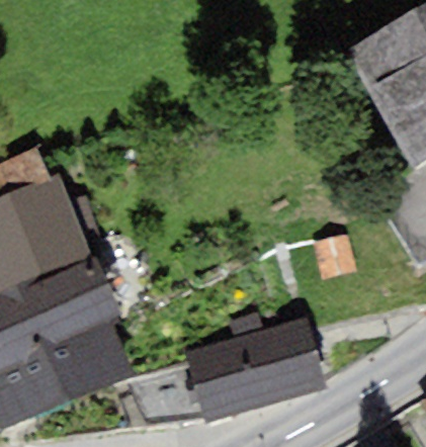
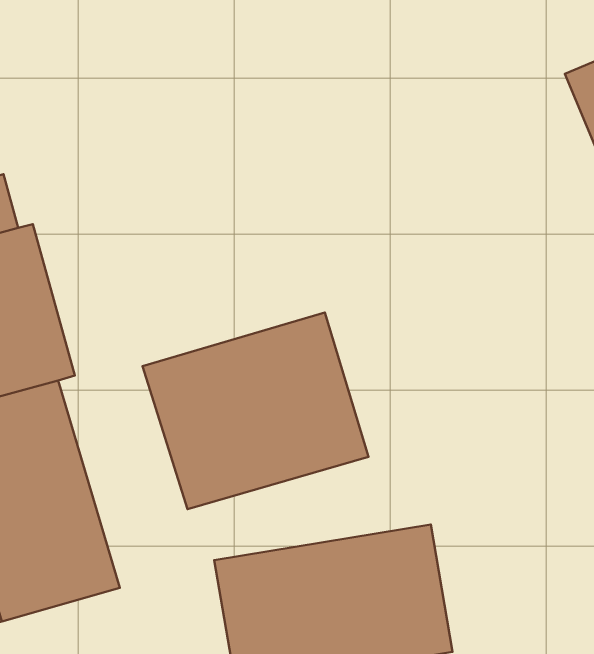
building: none -> [143,313,369,509]

